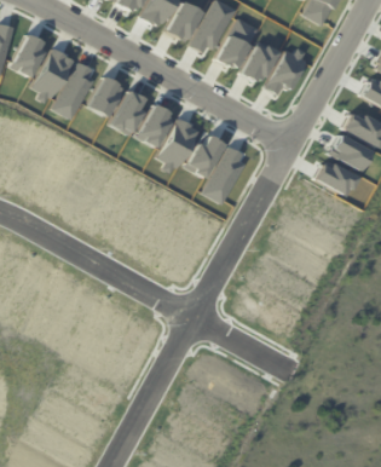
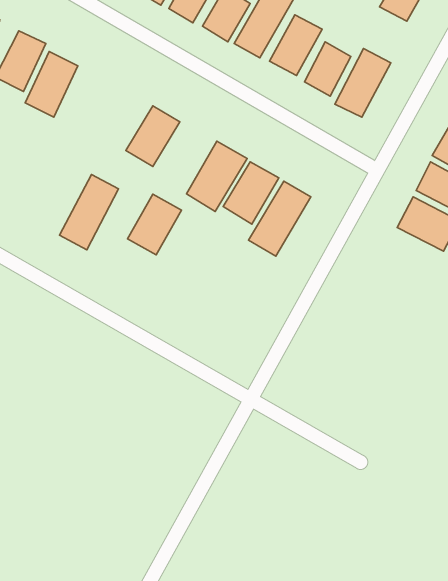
building: [52,62,97,119] -> [60,175,119,250]
building: [87,76,125,117] -> none
building: [134,103,175,149] -> [127,194,182,255]

